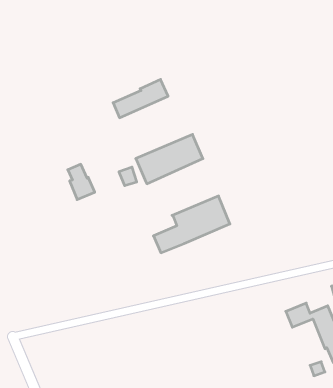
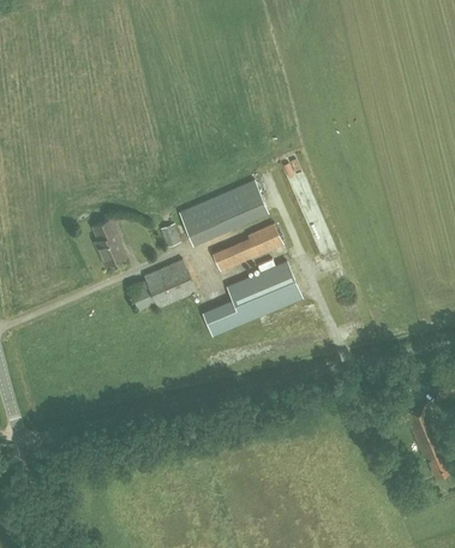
building: [113,79,168,118] -> [211,222,282,272]
building: none -> [128,260,196,310]

